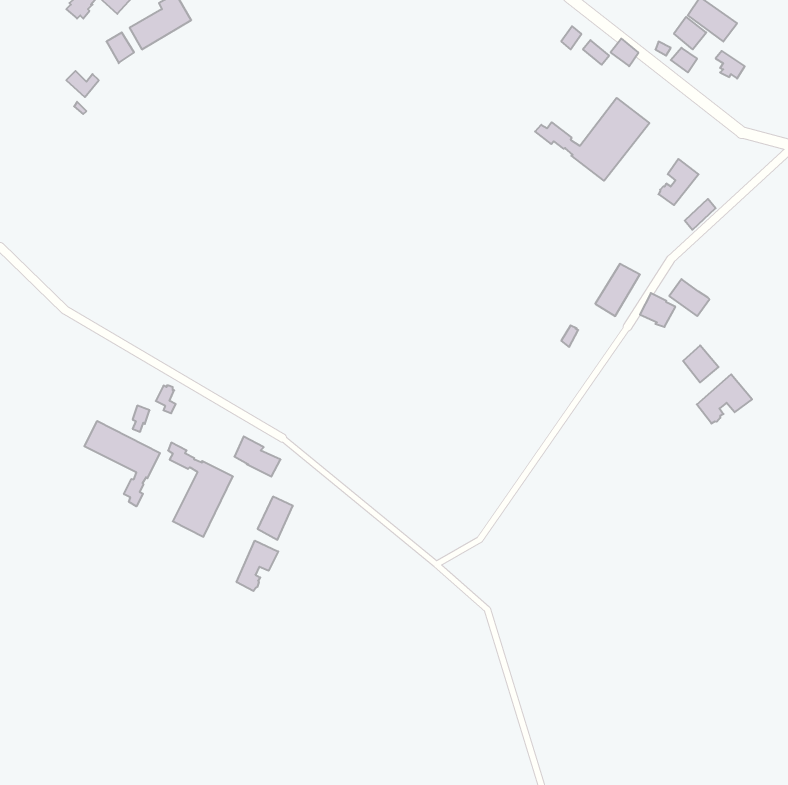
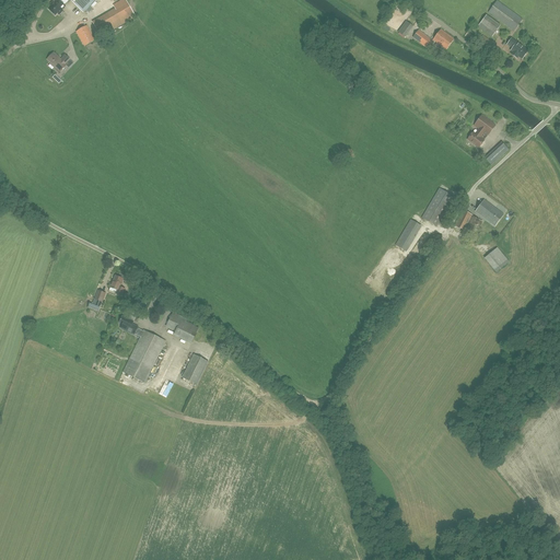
building: [535,98,649,181] -> none
building: [697,374,752,424] -> none
building: [84,421,160,506] -> none
building: [237,541,278,591] -> none

